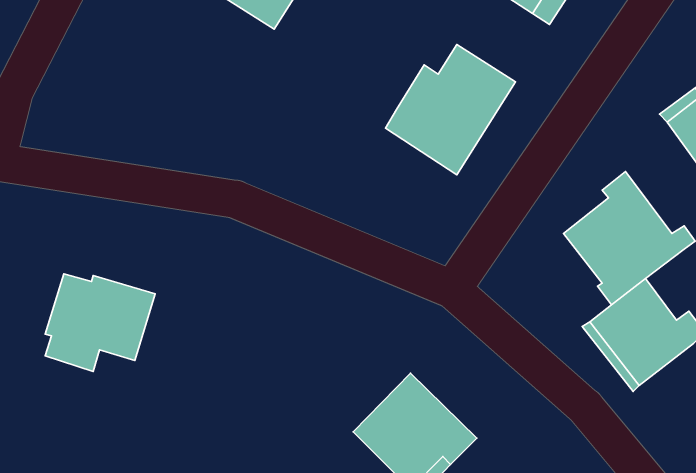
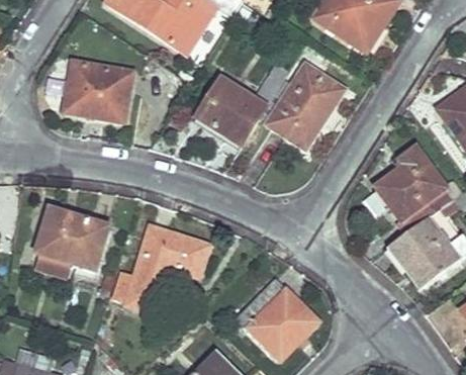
building: none -> [64,61,132,121]
building: none -> [195,66,286,146]
building: none -> [112,226,207,314]

